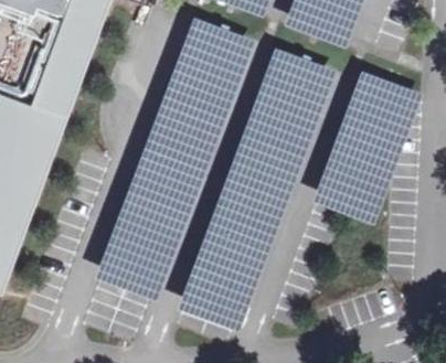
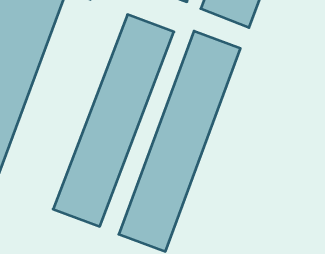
building: [314,70,424,222] -> none

